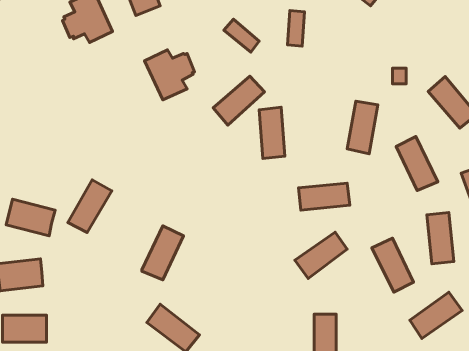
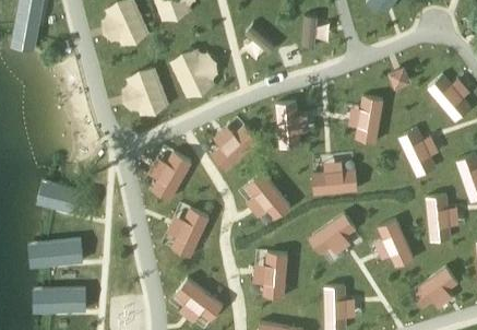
building: none -> [120,69,165,114]
building: [213,76,265,125] -> [212,126,258,169]
building: [68,180,112,232] -> [152,152,191,199]
building: none -> [247,172,289,219]
building: none -> [263,251,287,297]

